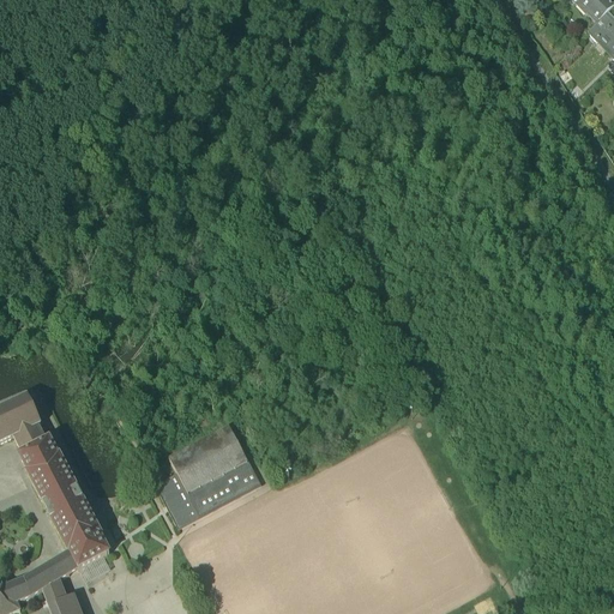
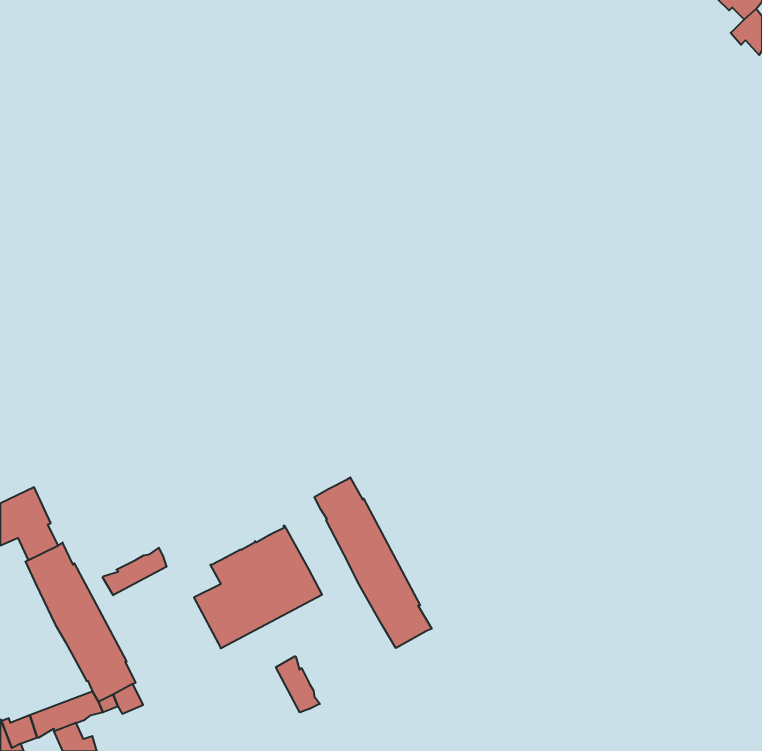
building: none -> [315,477,432,648]
building: none -> [103,548,167,595]
building: none -> [276,656,320,712]

